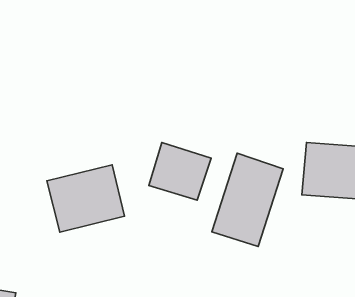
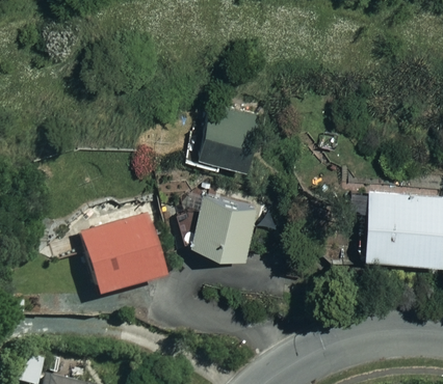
building: none -> [194,101,259,173]
building: [212,153,283,246] -> none

